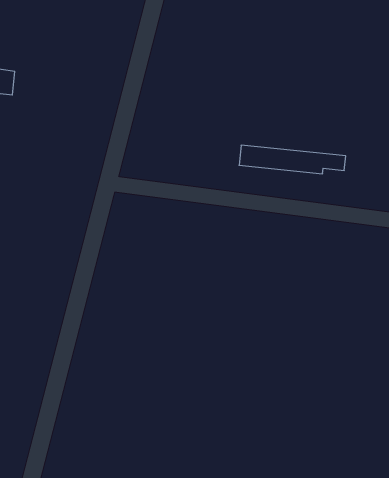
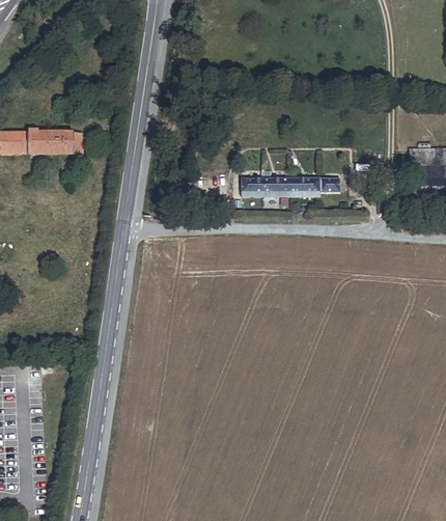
building: none -> [26,132,80,154]

